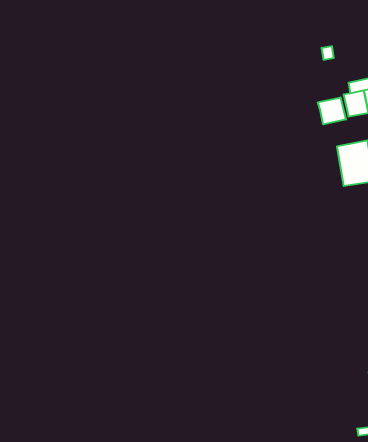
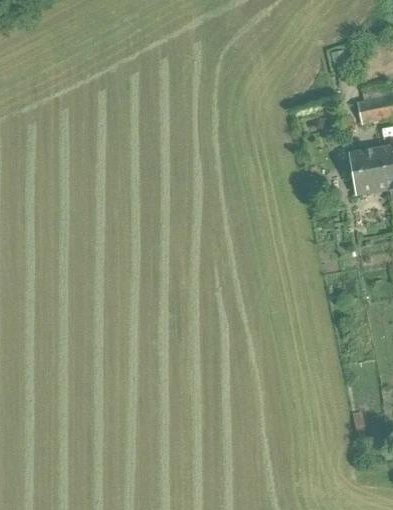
building: [318,97,346,124] -> none

